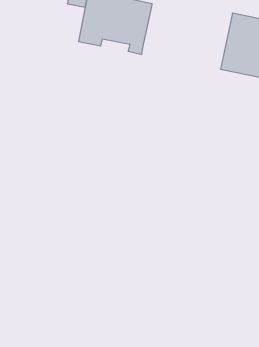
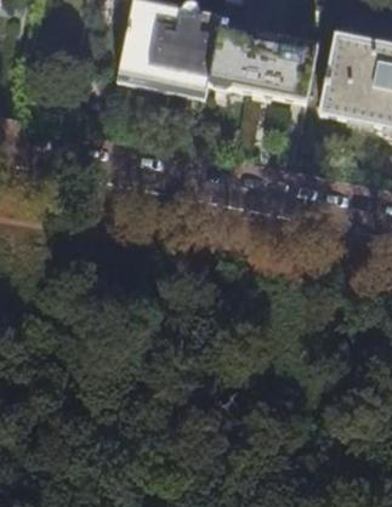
building: none -> [210,19,317,102]

